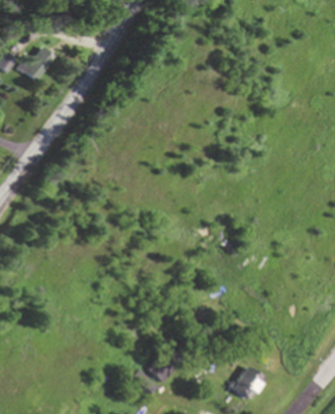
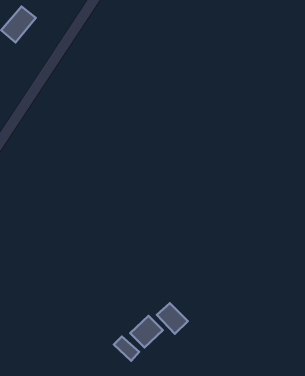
building: none -> [157,303,188,334]
building: [233,366,266,400] -> none

